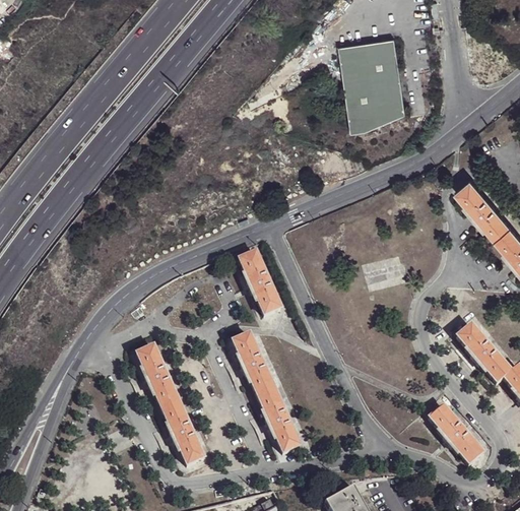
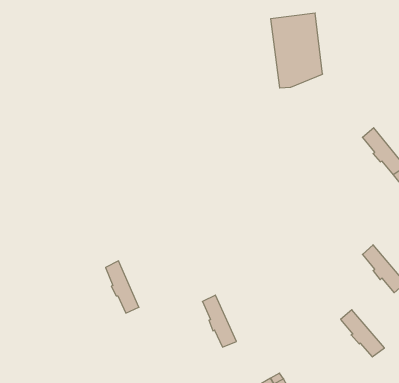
building: [240,251,281,316] -> none
building: [233,333,274,396] -> none
building: [162,403,204,466] -> none

